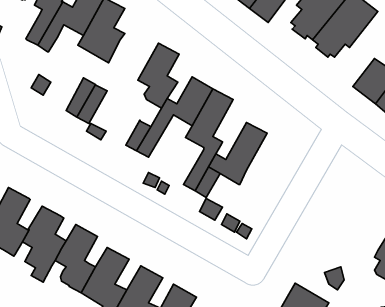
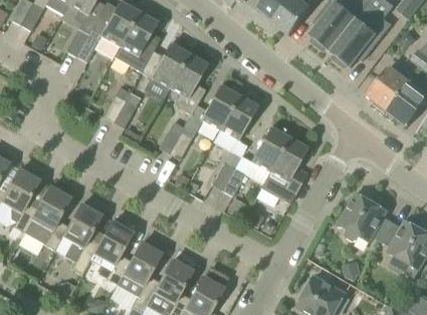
building: none -> [142,42,188,87]
building: none -> [261,136,307,203]
building: none -> [339,192,388,241]

